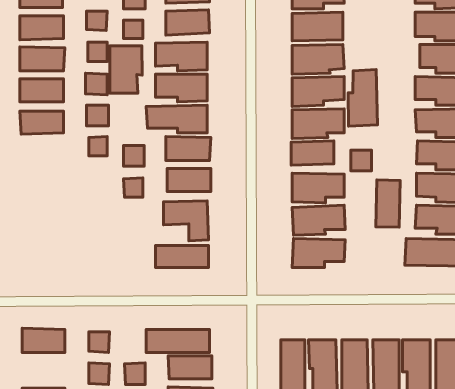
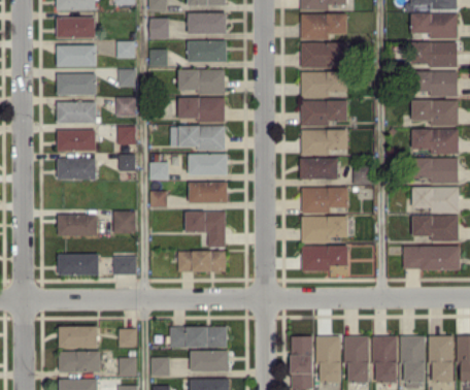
building: [110,46,142,93] -> none
building: [348,70,377,126] -> none
building: none -> [57,159,95,180]
building: [376,180,400,227] -> none
building: none -> [112,212,135,233]
building: none -> [58,215,98,236]
building: none -> [58,255,98,275]
building: none -> [113,257,136,275]
building: none -> [59,351,100,373]

